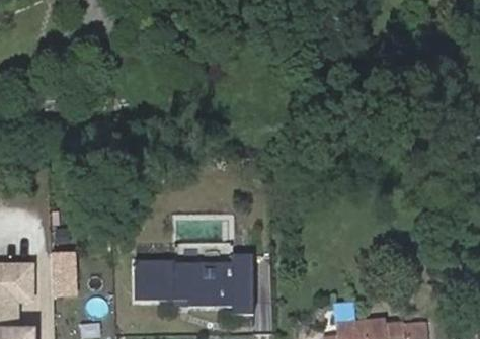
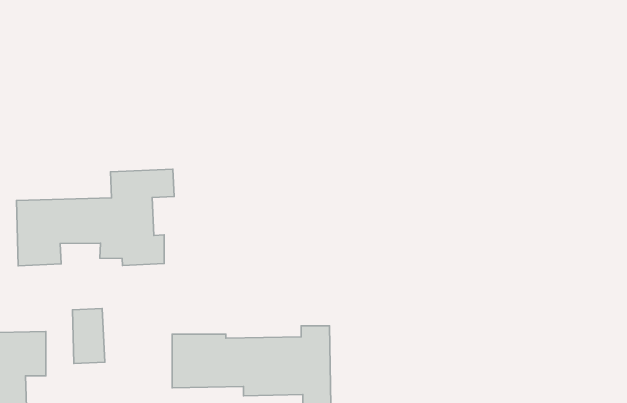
building: none -> [17,169,174,266]

